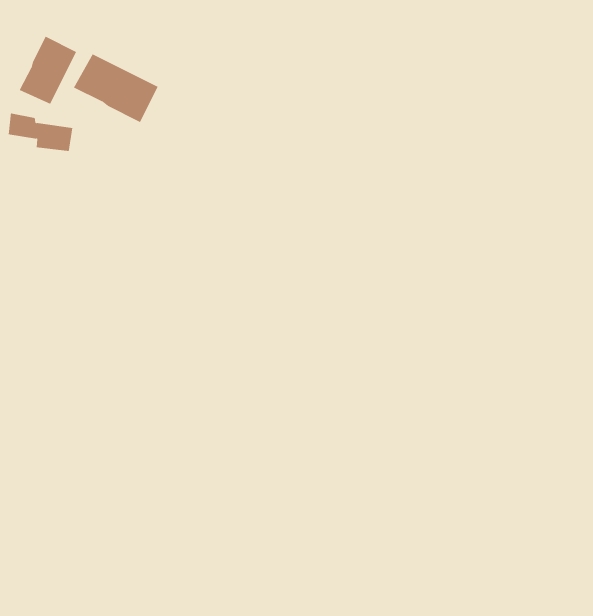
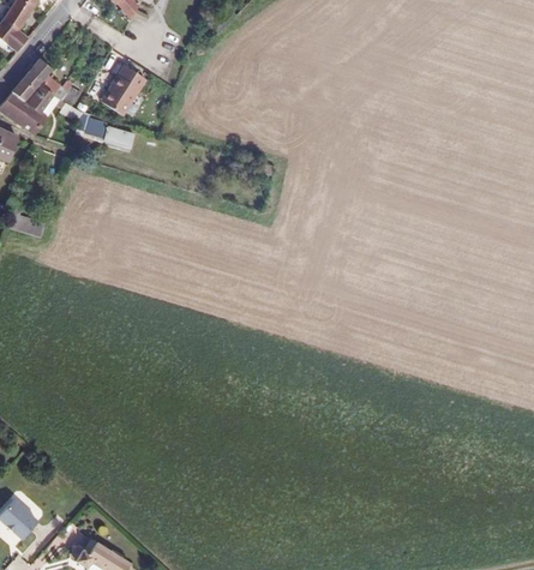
building: [73,53,158,123] -> none

